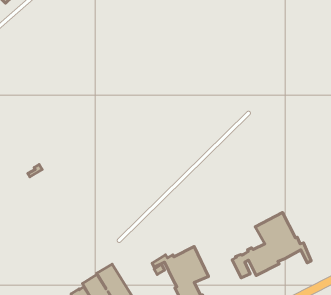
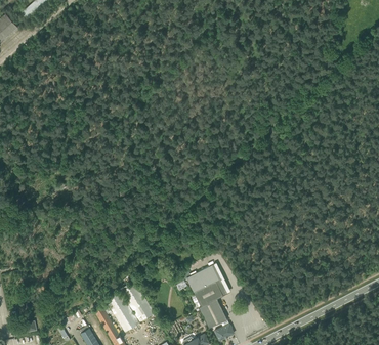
building: [232,212,311,278] -> none

